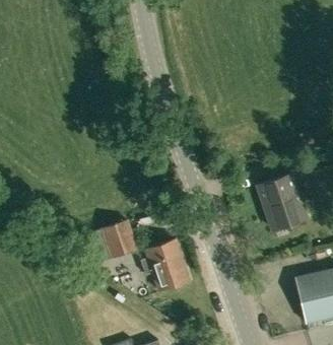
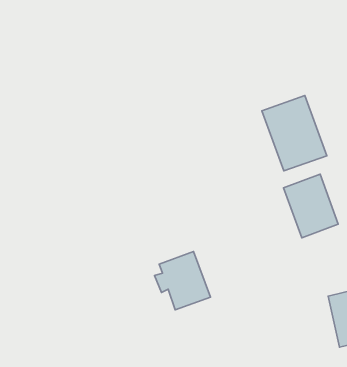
building: none -> [262,96,327,171]
building: [104,222,138,259] -> none

